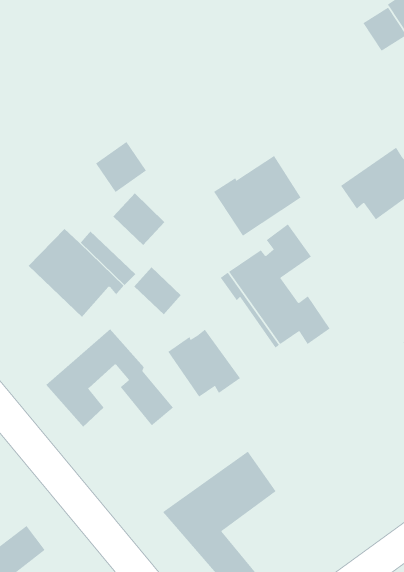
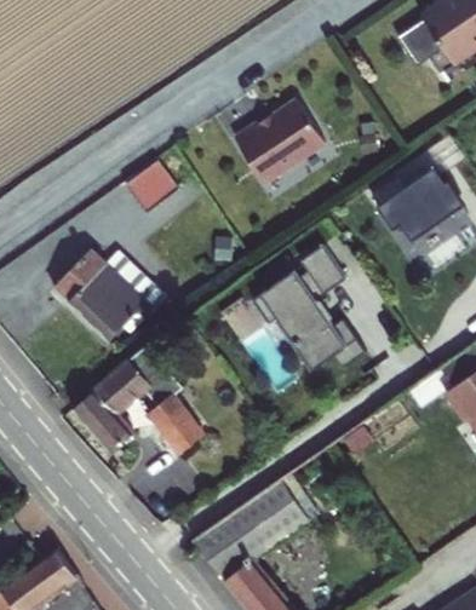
building: [213,155,302,237] -> [234,100,325,184]
building: [113,192,165,246] -> none
building: [134,267,182,315] -> none
building: [168,329,241,398] -> none

